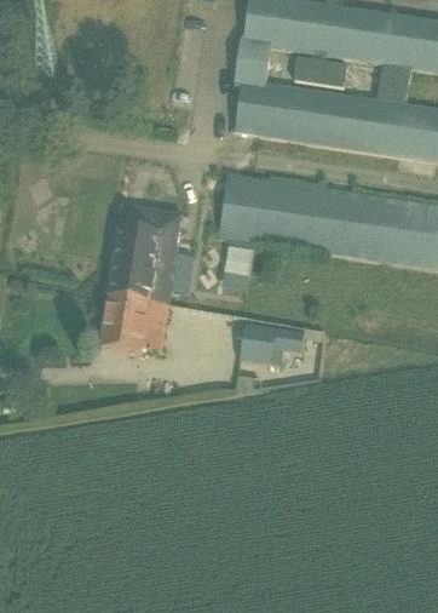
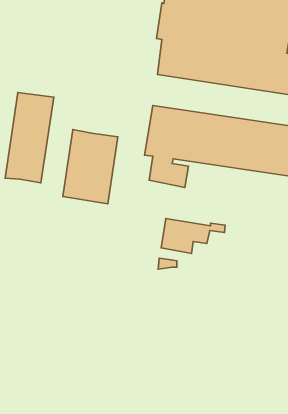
building: none -> [5,92,54,183]
building: [100,292,168,353] -> none

